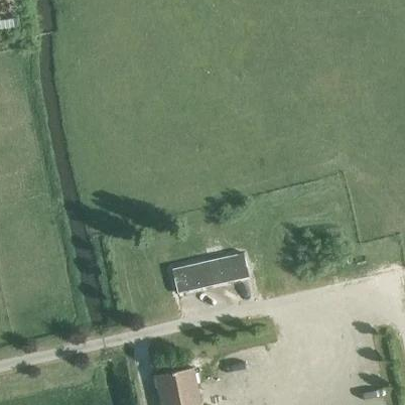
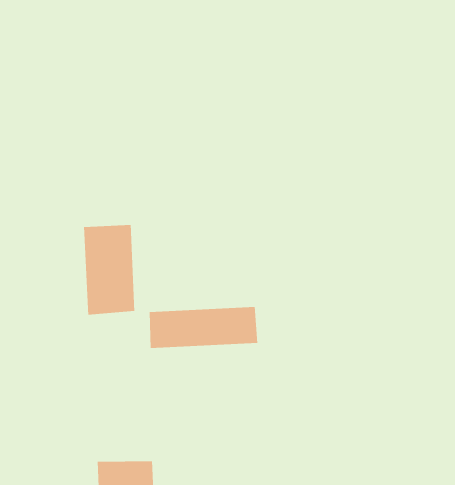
building: none -> [83,224,135,315]

